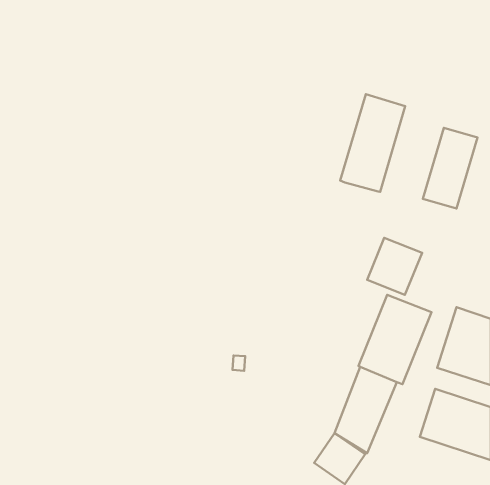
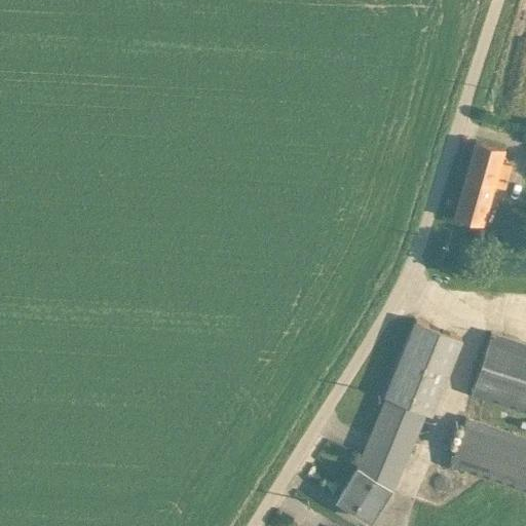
building: [340,94,405,192] -> none
building: [367,238,422,295] -> none

